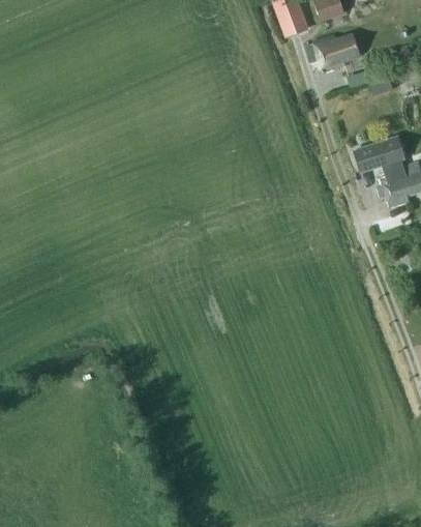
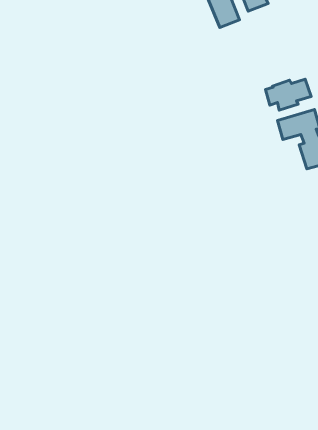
building: [305,34,360,71] -> [266,79,311,110]

